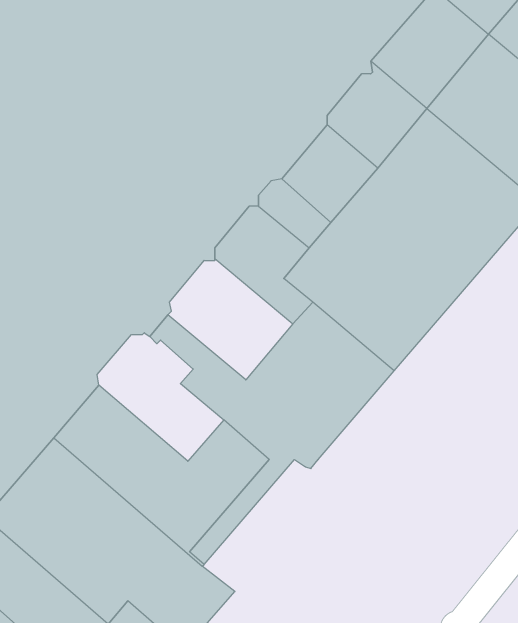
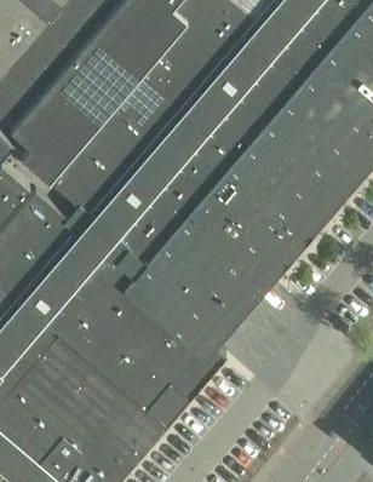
building: none -> [119,201,202,282]
building: none -> [71,251,156,337]
building: none -> [142,335,225,424]

